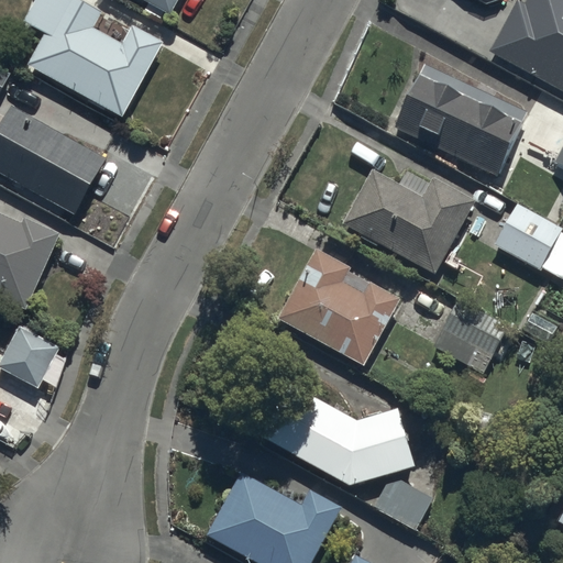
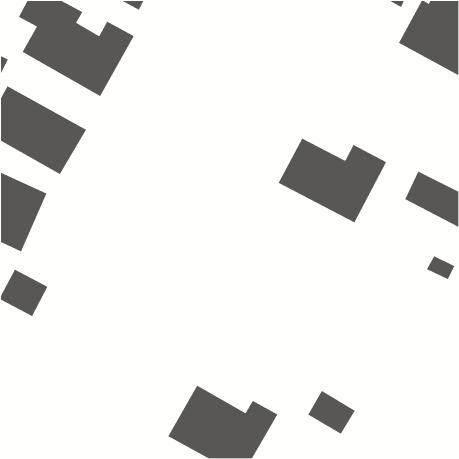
building: [395,64,527,175] -> none
building: [276,247,401,364] -> none
building: [432,299,509,374] -> none
building: [249,376,416,485] -> none

